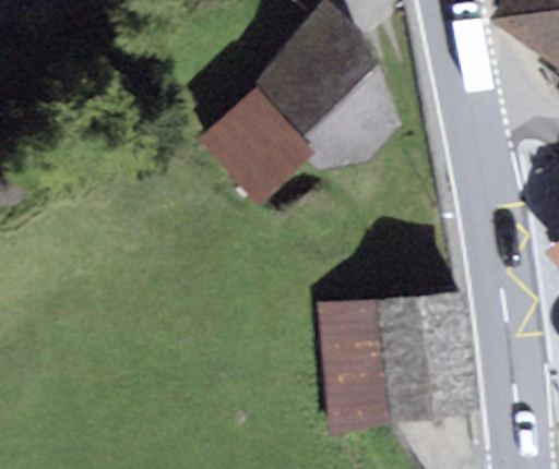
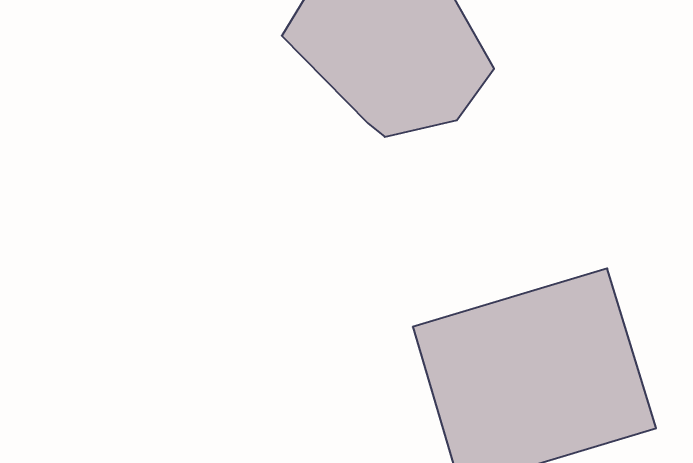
building: [199,84,306,206] -> none

